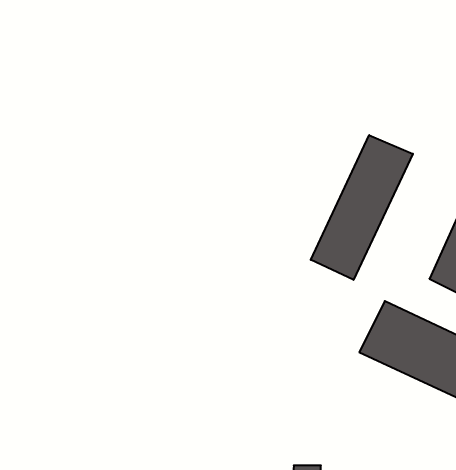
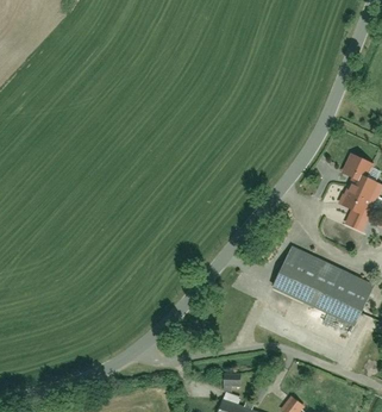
building: [311,135,413,280] -> none

